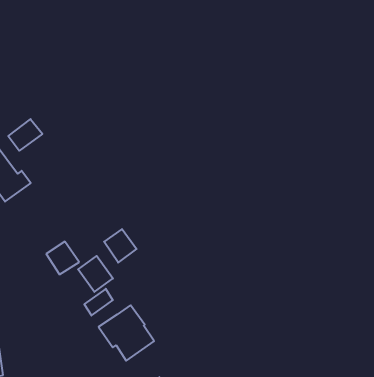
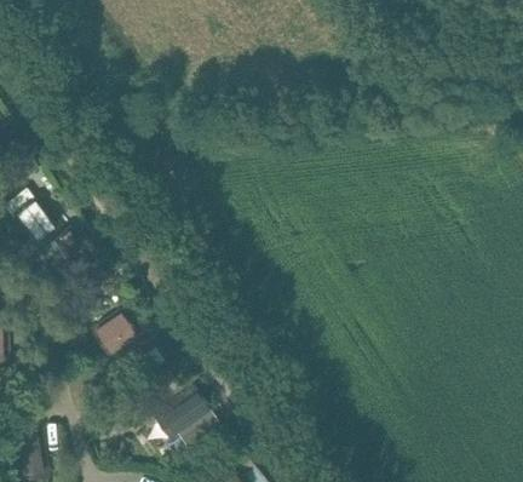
building: [8,119,42,151] -> none
building: [104,229,137,263] -> none

